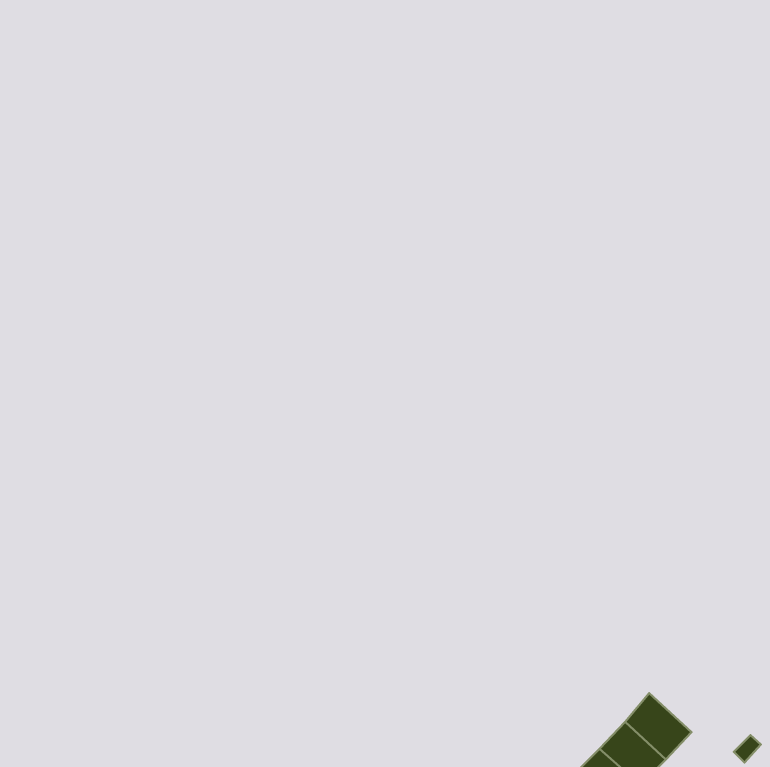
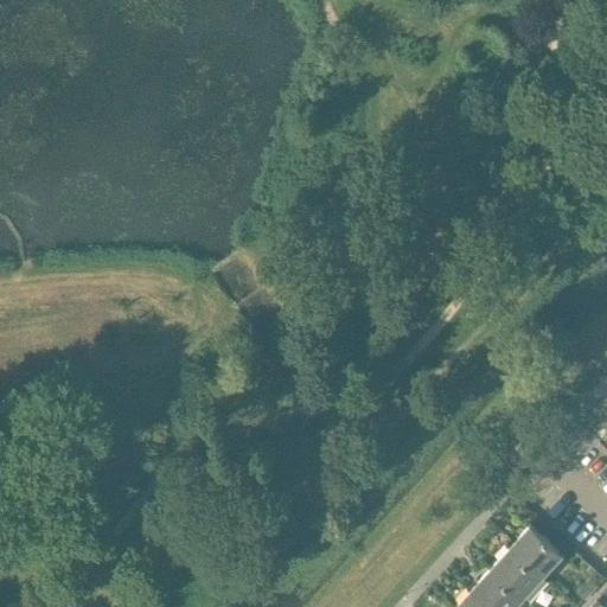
building: none -> [511,526,564,579]

